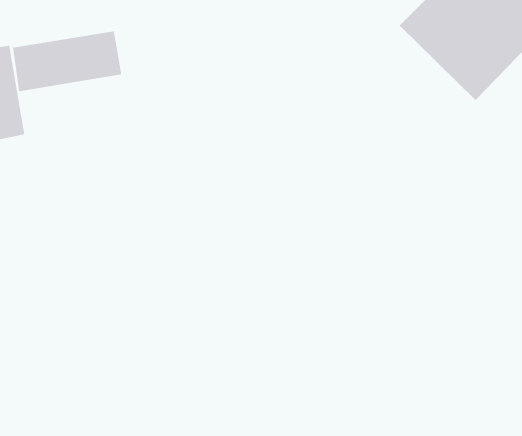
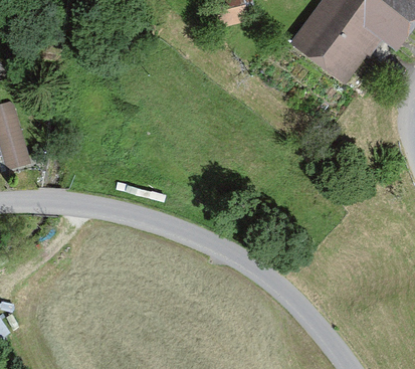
building: [12,31,122,92] -> none

